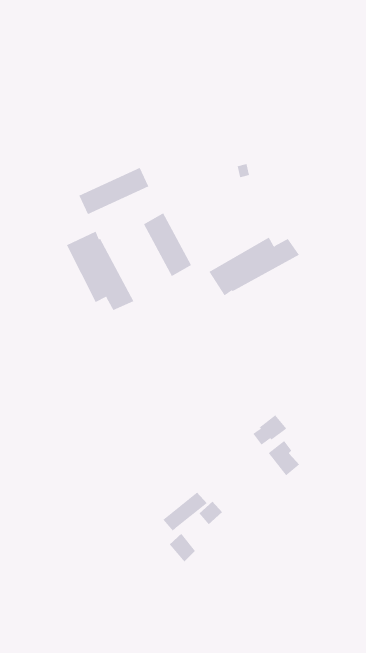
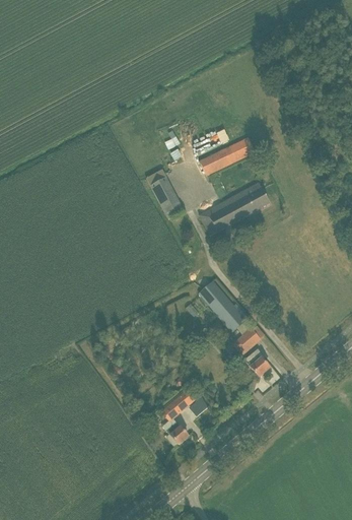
building: [78,167,149,215] -> [200,137,256,175]
building: [66,231,134,311] -> none
building: none -> [200,281,247,332]

